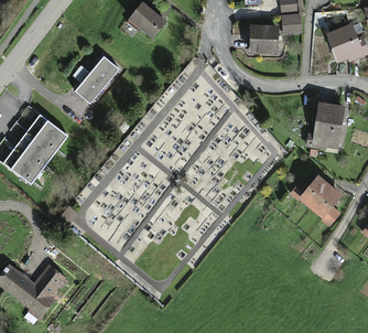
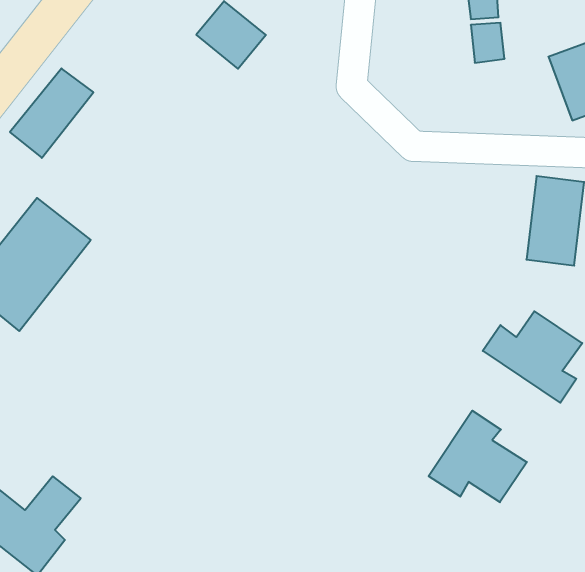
building: [249,24,277,54] -> none
building: [75,54,121,104] -> [10,68,93,158]
building: none -> [429,411,527,502]

